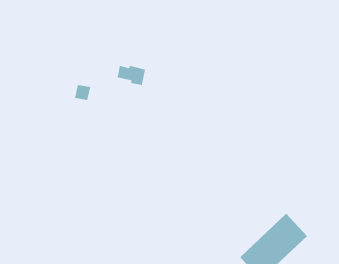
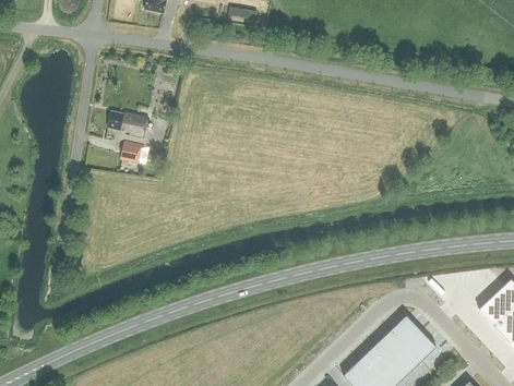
building: [117,65,146,86] -> [109,111,148,138]

